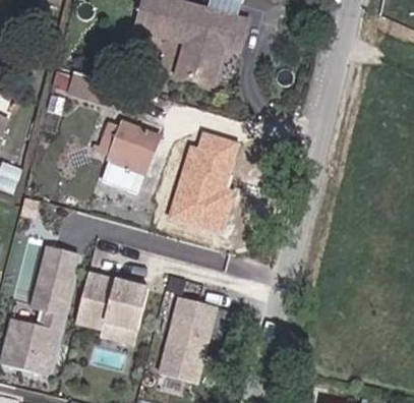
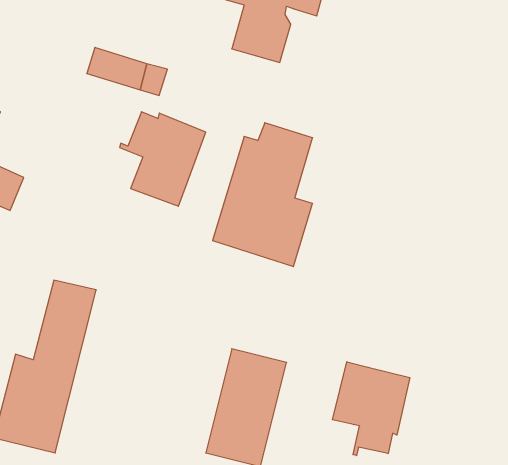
building: [73,270,152,349] -> none
building: none -> [332,362,410,456]

